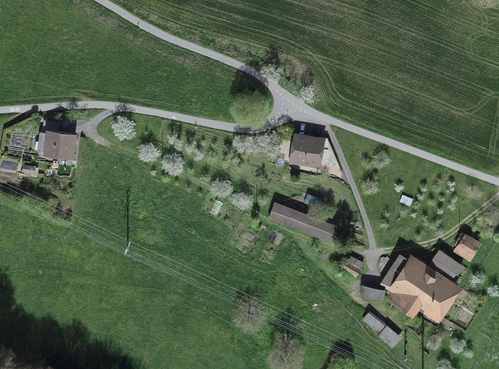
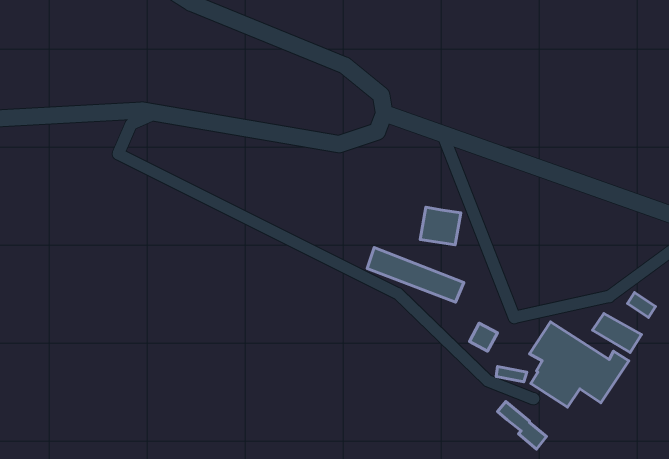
building: [41,133,77,162] -> none
building: [293,137,322,164] -> [420,207,461,245]

